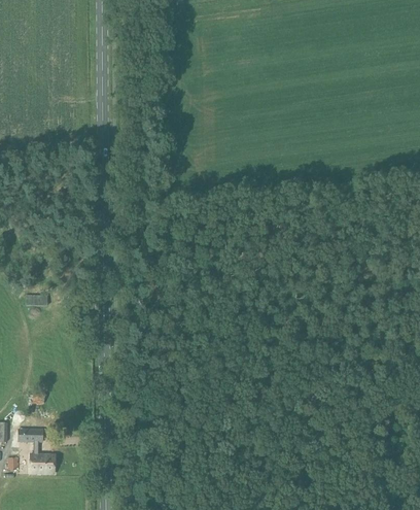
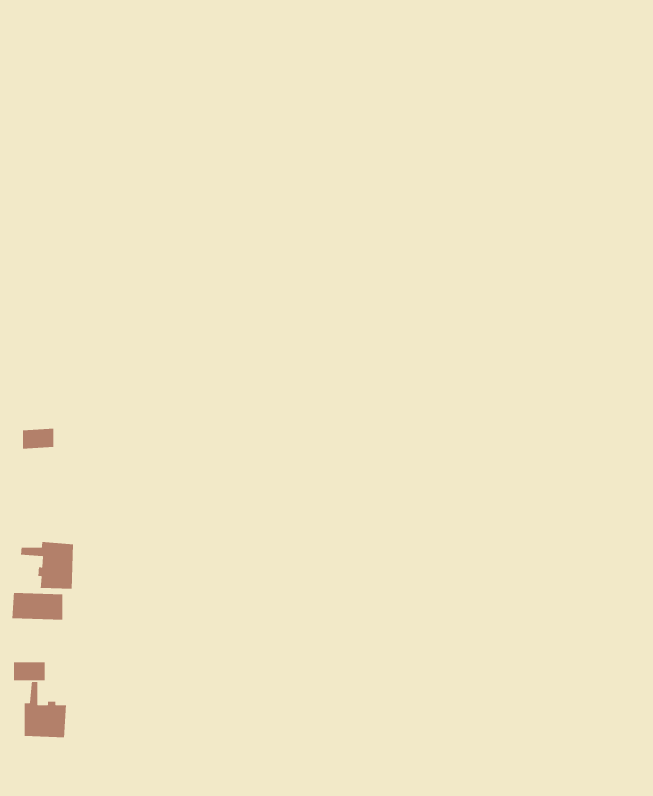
building: none -> [20,541,74,589]

